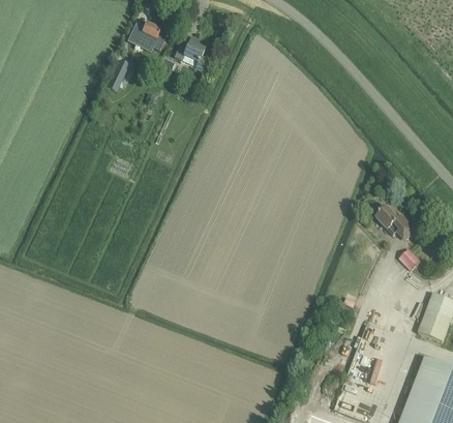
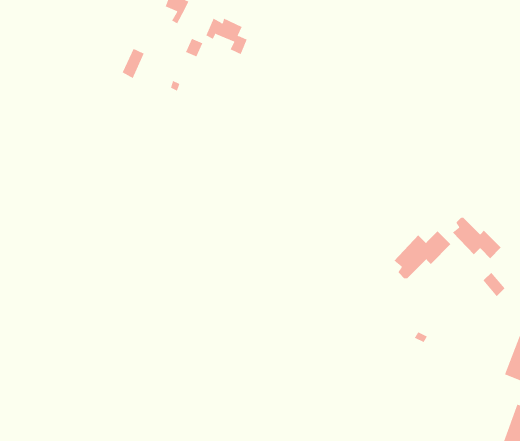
building: none -> [393,231,451,279]

